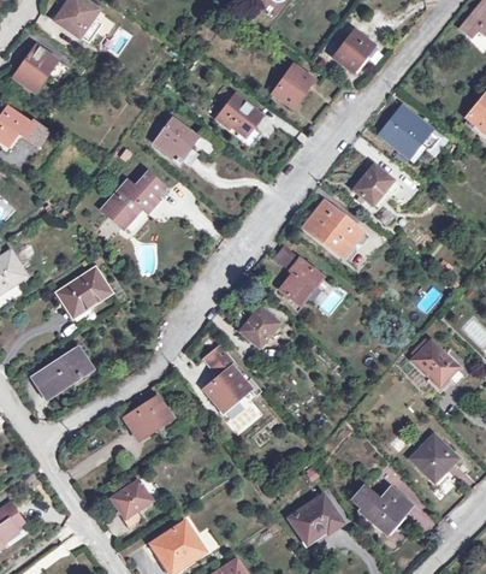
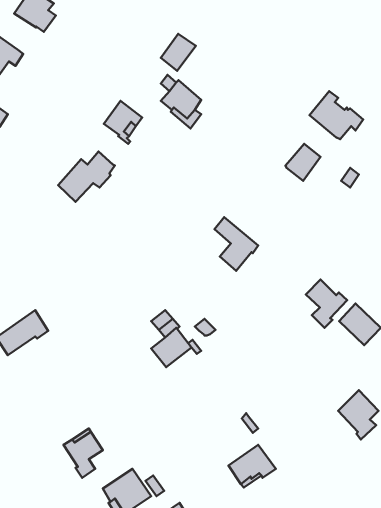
building: [332,31,373,72] -> none
building: [273,66,312,107] -> [161,34,196,71]
building: [302,201,361,256] -> none
building: [57,267,111,314] -> none
building: [239,307,278,347] -> none
building: none -> [306,280,347,328]
building: [124,395,168,439] -> none
building: [352,486,409,532] -> none

